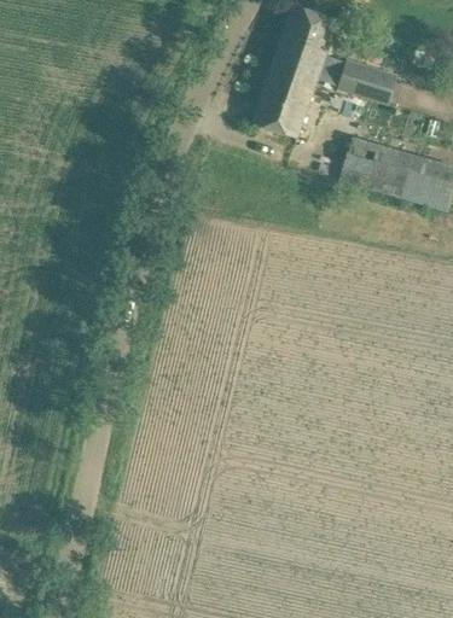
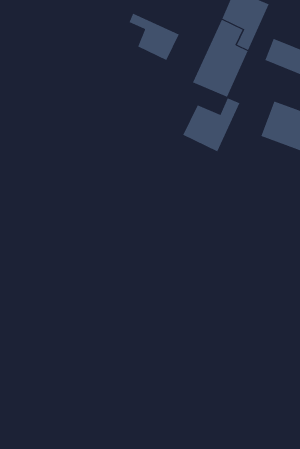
building: none -> [129,13,180,61]
building: none -> [183,98,240,152]

